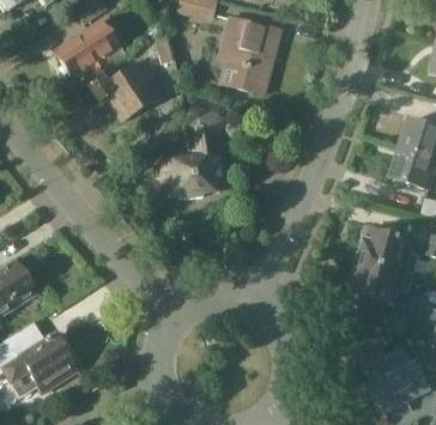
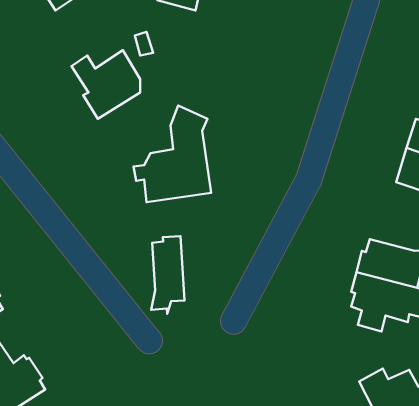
building: [219,18,279,92] -> none
building: [56,24,123,75] -> none
building: none -> [151,236,184,314]

